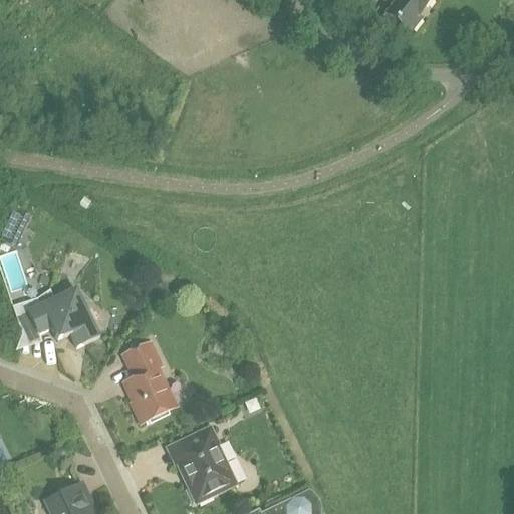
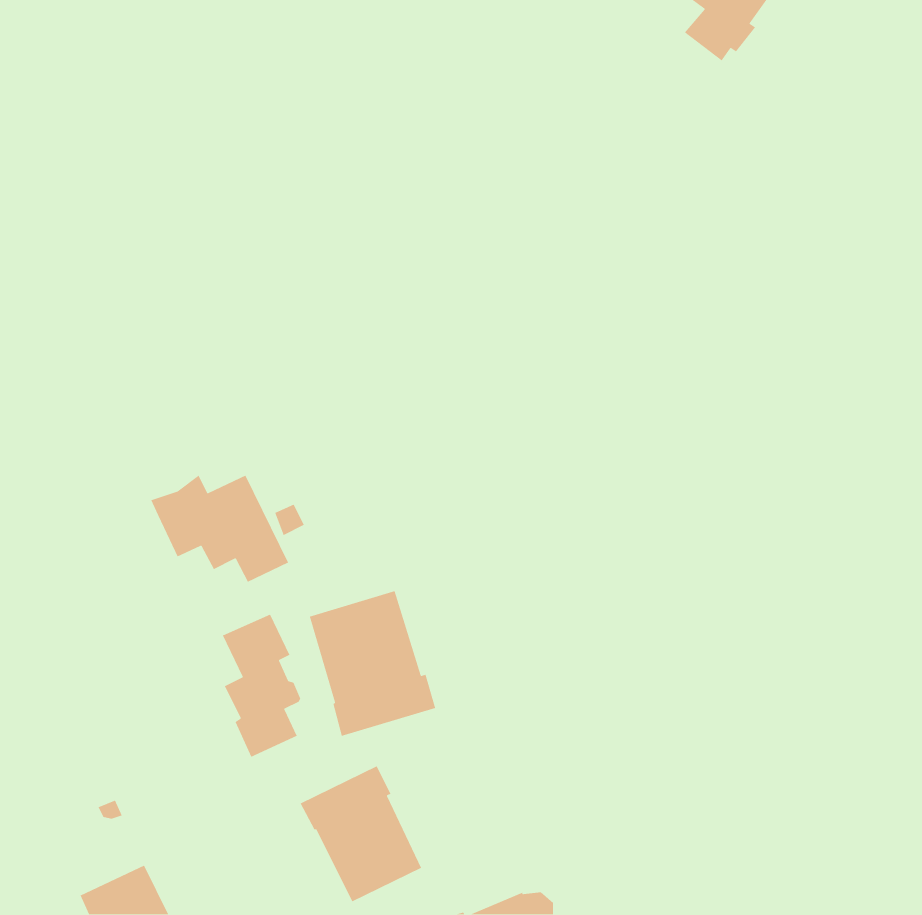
building: [22,287,99,347] -> [150,474,289,583]
building: none -> [309,590,436,737]

